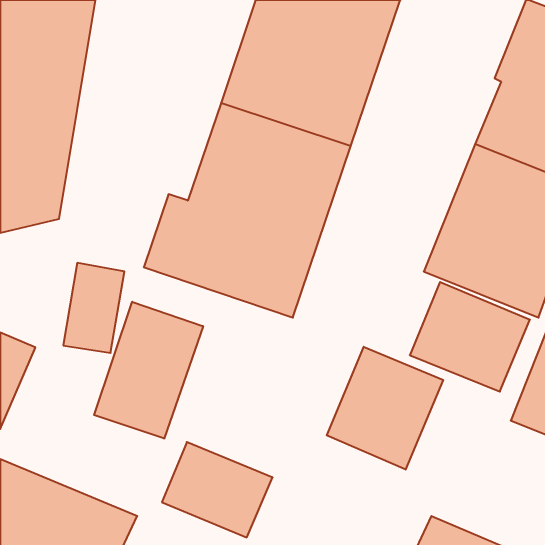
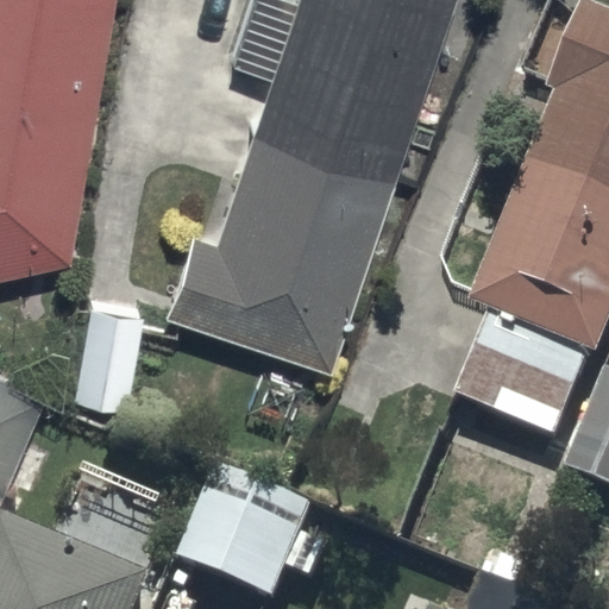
building: [94,302,203,439] -> none
building: [327,347,443,470] -> none

